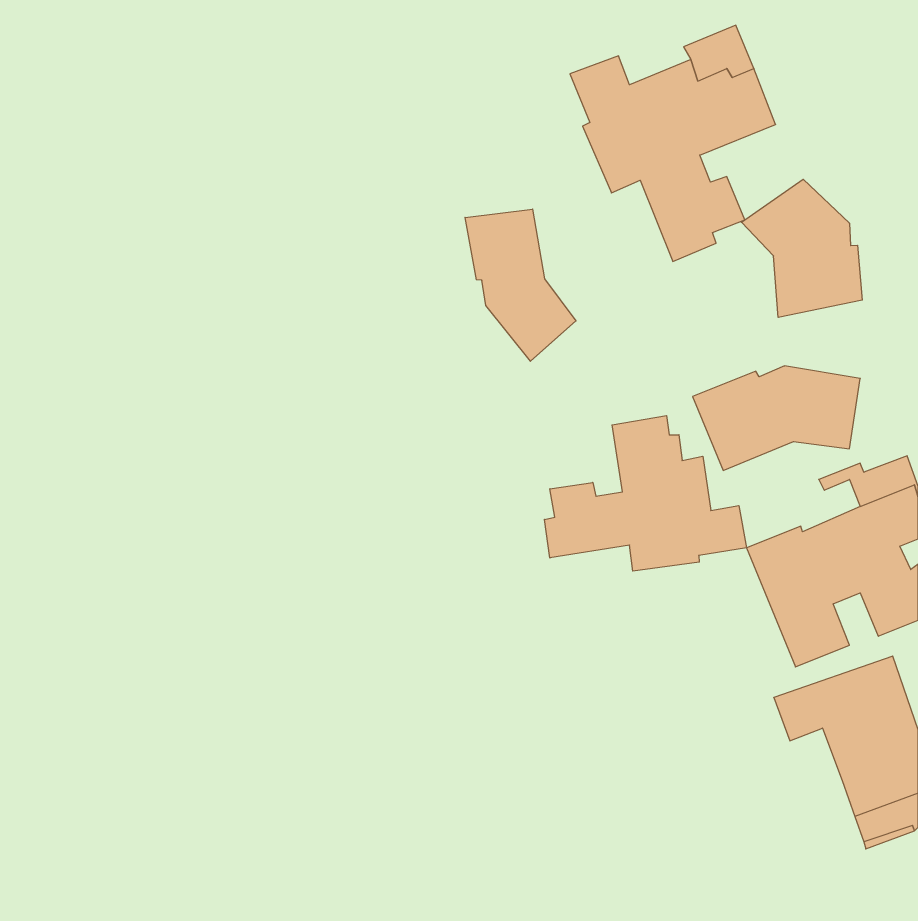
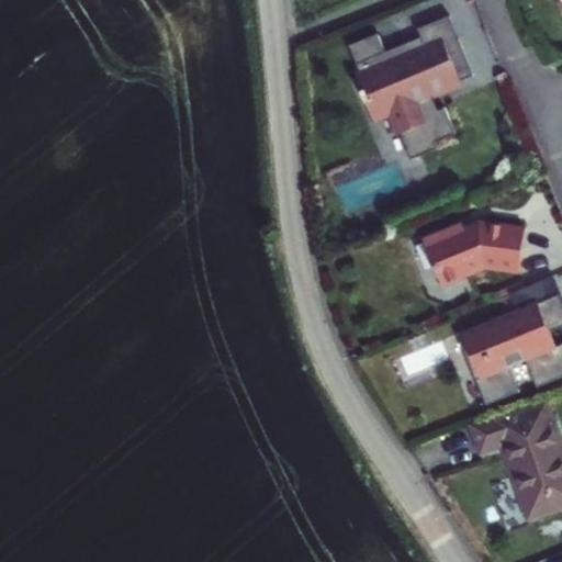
building: [741,179,862,317] -> none
building: [465,209,576,361] -> none
building: [544,416,747,571] -> none

